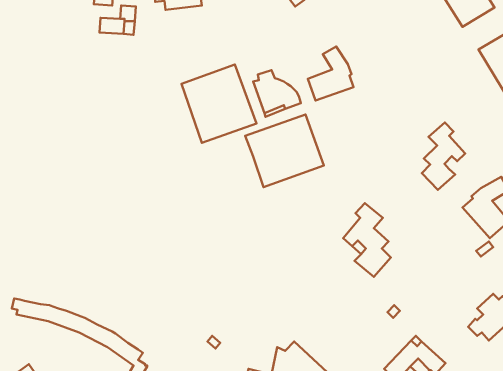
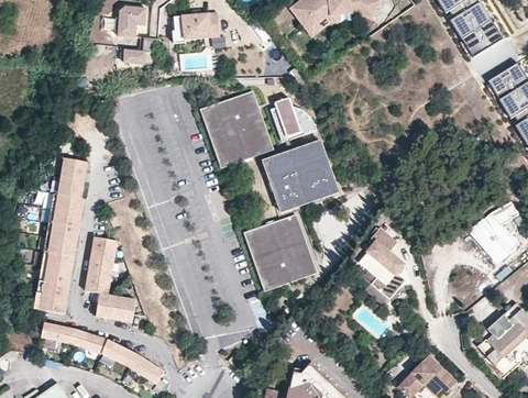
building: [308,46,353,100] -> none
building: [422,122,465,190] -> none
building: none -> [33,157,87,313]
building: none -> [244,213,317,289]
building: none -> [85,236,135,322]

